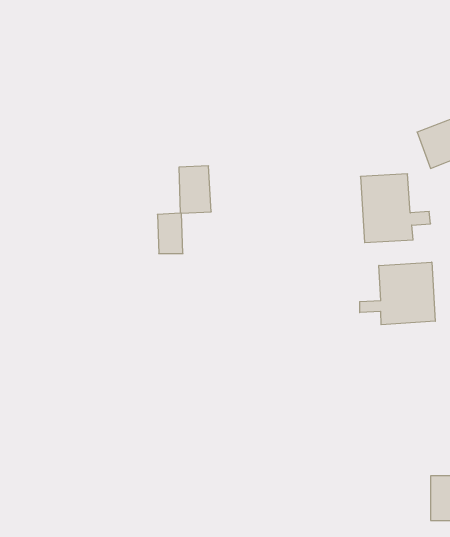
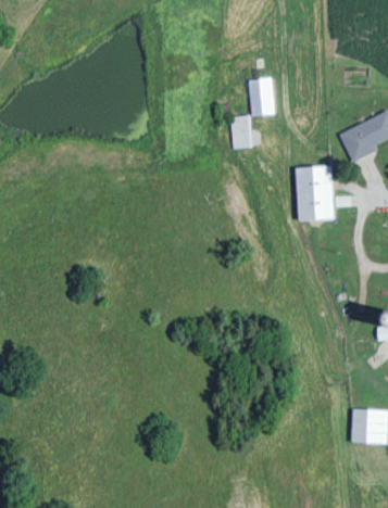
building: [157,166,211,254] -> [231,77,275,148]
building: [360,262,435,325] -> none

